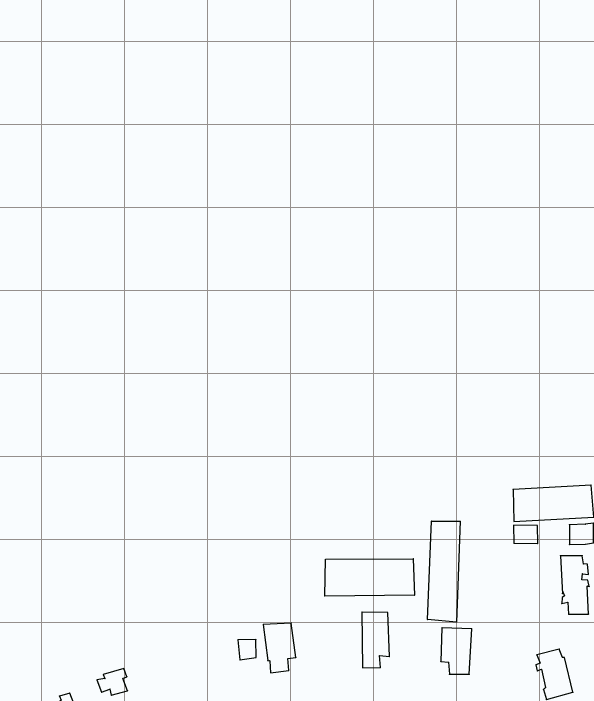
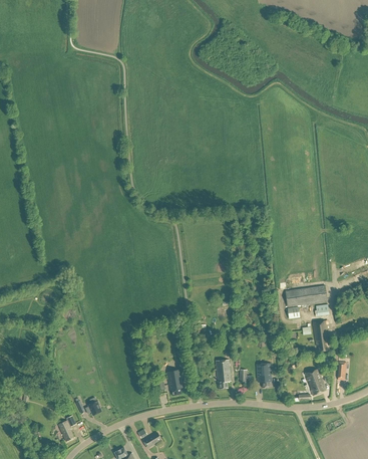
building: [428,521,460,622] -> none
building: [325,559,414,596] -> none

